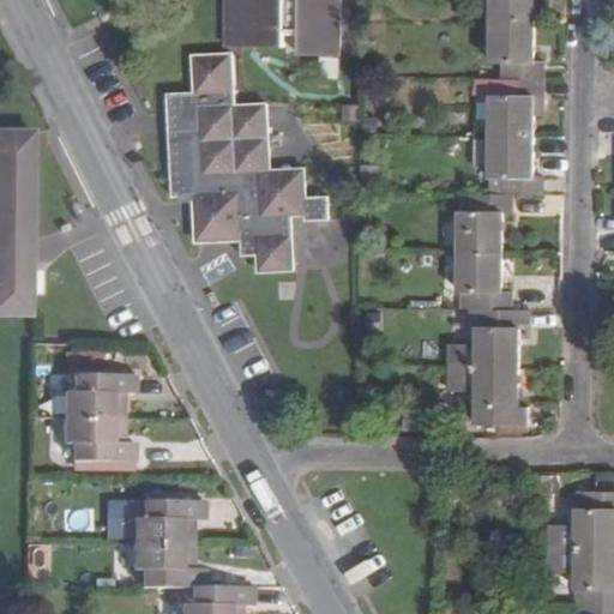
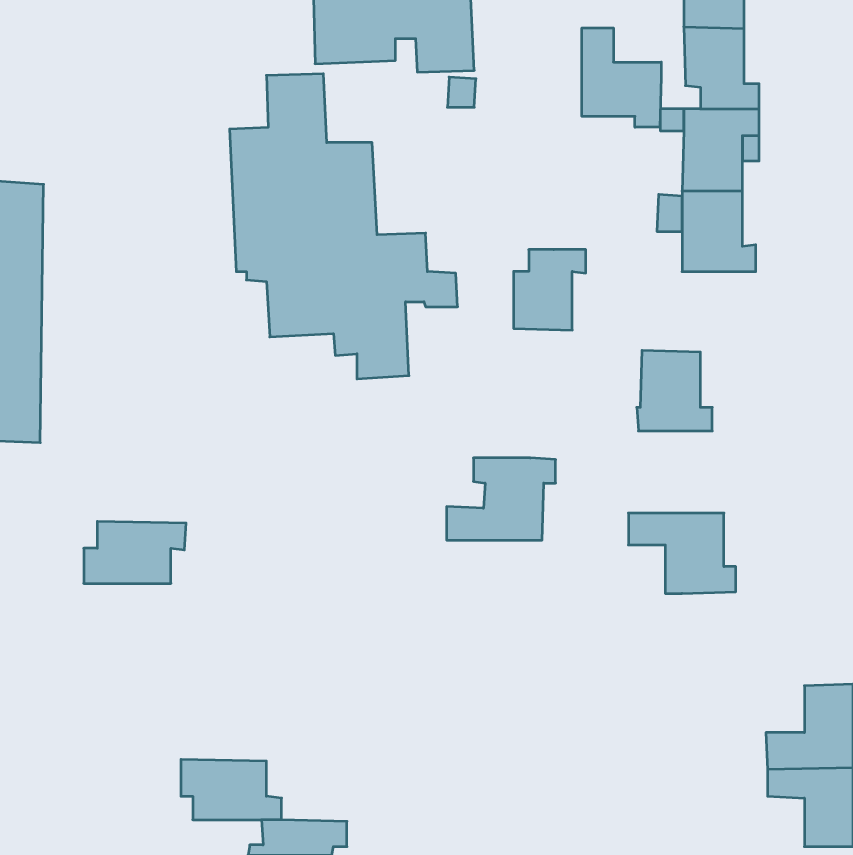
building: none -> [582,28,661,127]
building: [459,194,511,252] -> [514,250,586,330]
building: [450,308,528,367] -> [447,458,556,540]
building: [59,417,133,462] -> none
building: [130,500,203,544] -> none

